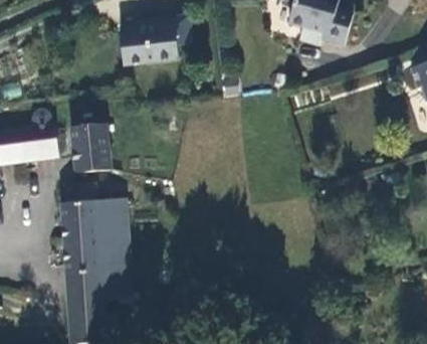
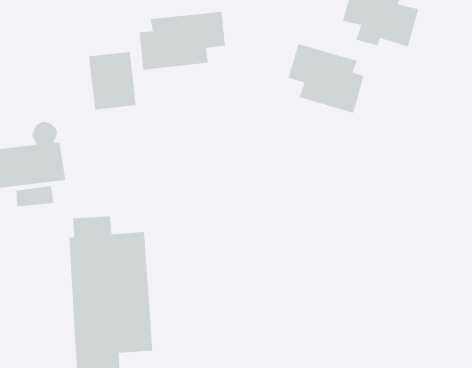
building: none -> [288,43,365,114]
building: [71,124,112,173] -> [88,51,137,110]

